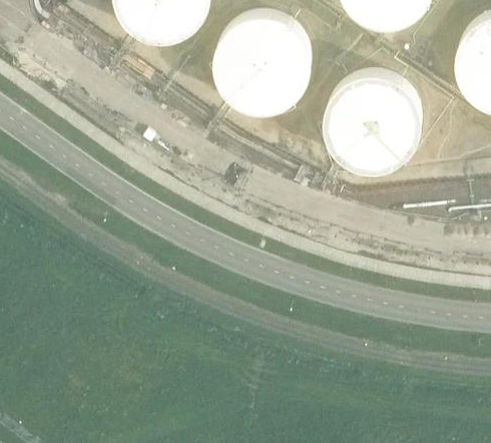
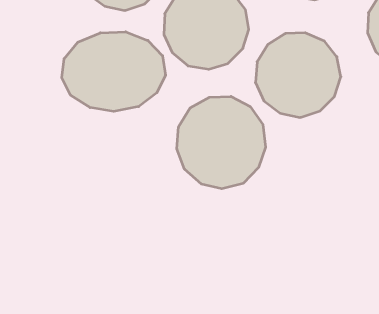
building: none -> [62,32,165,111]
building: none -> [177,96,266,189]

